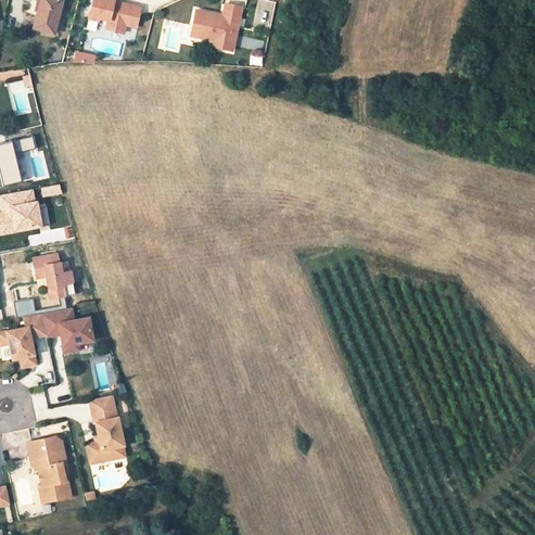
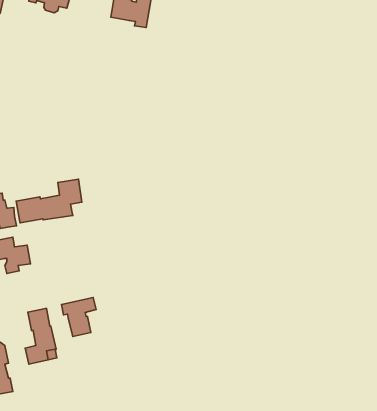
building: none -> [16,179,82,223]
building: none -> [62,297,96,337]

